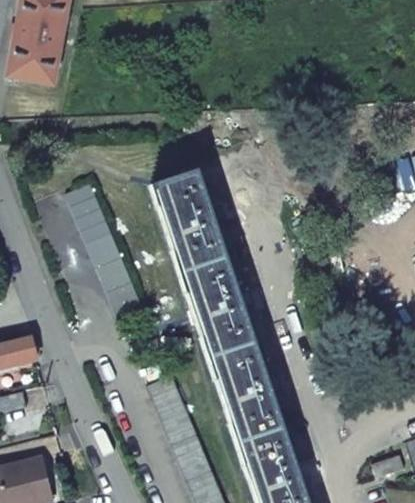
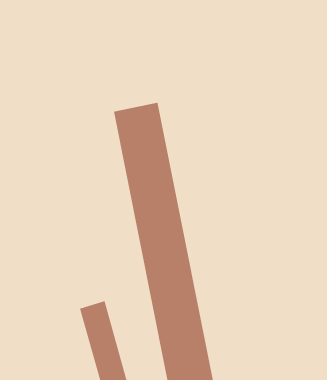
building: [66,188,141,319] -> none

